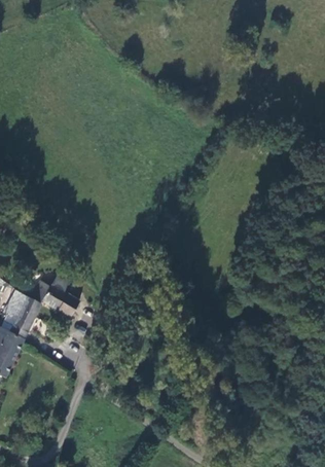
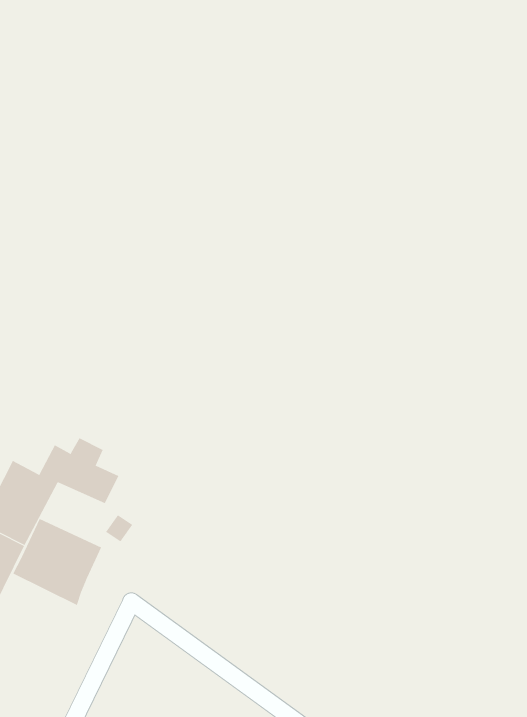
building: none -> [13,518,102,606]

